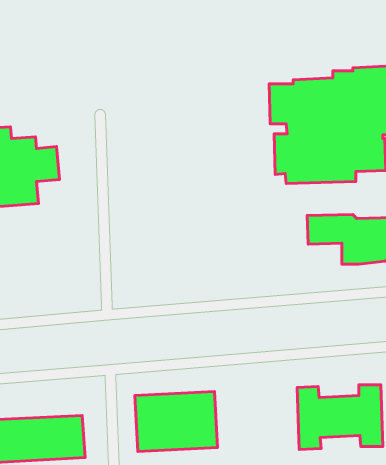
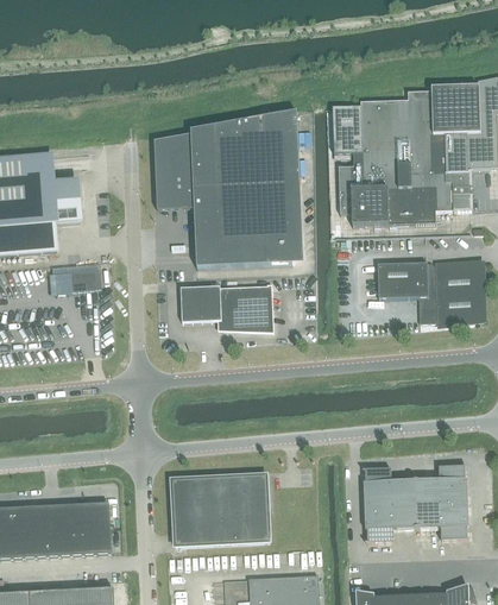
building: none -> [156,111,301,266]
building: none -> [57,270,96,291]
building: none -> [181,283,272,328]

